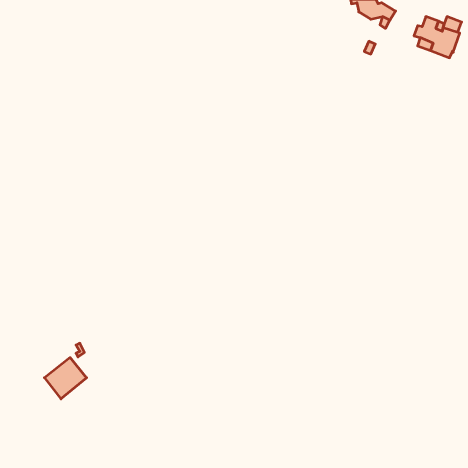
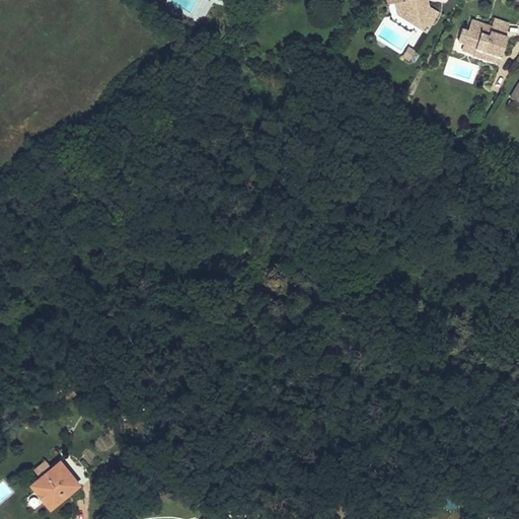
building: [44,358,87,399] -> [32,461,79,507]

